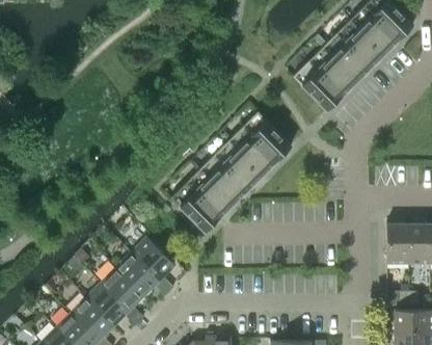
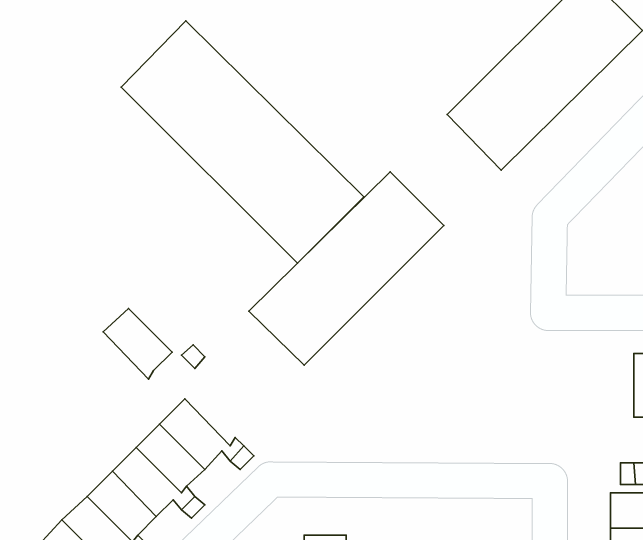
building: none -> [121,21,364,263]
building: [387,224,409,264] -> none
building: [132,238,174,282] -> [103,308,172,379]

